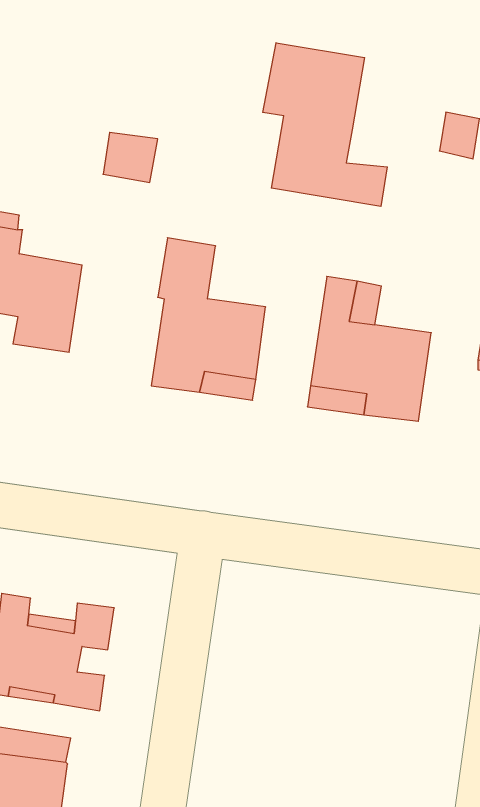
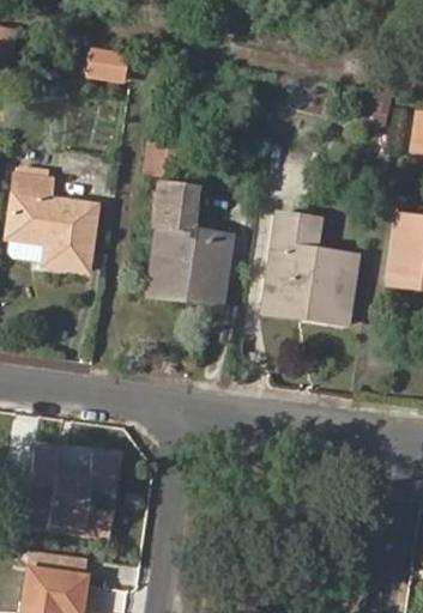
building: [263,43,387,206] -> none
building: [103,132,158,182] -> [89,43,129,80]

